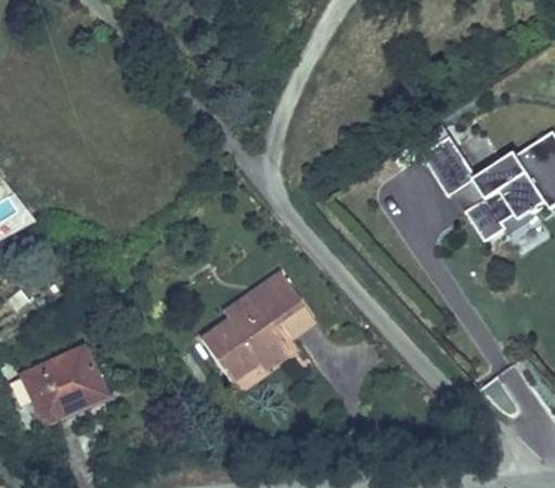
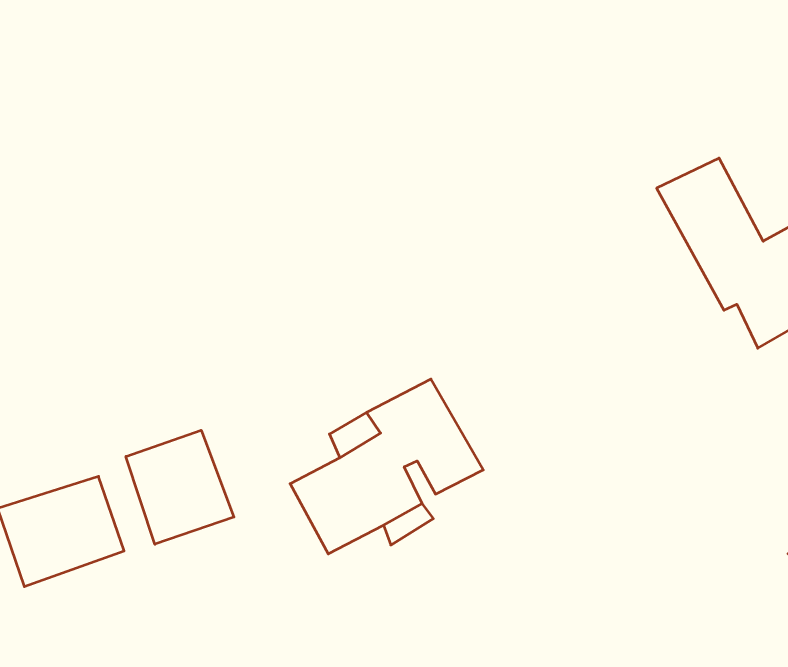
building: none -> [126,430,234,544]

